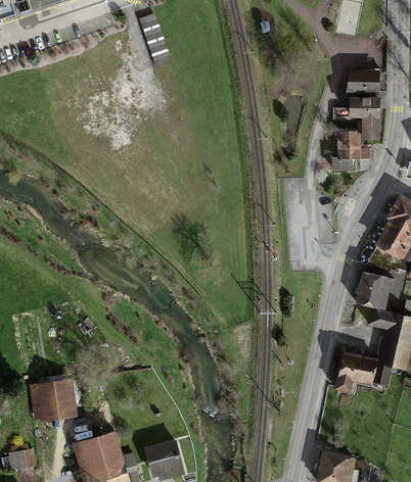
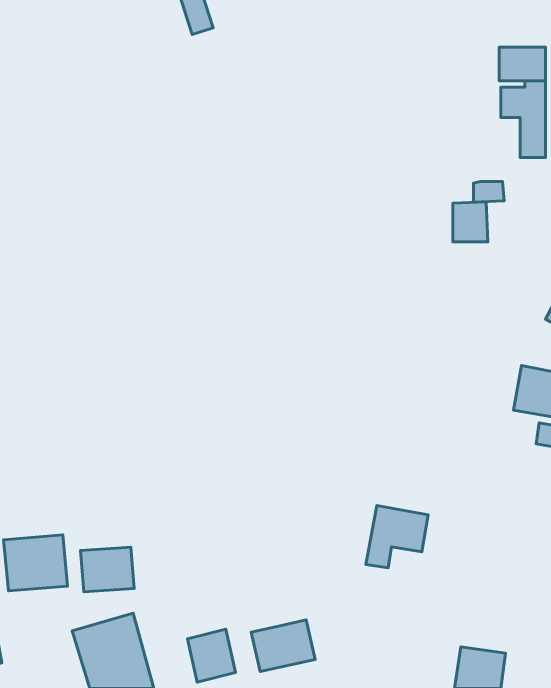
building: [336,132,359,157] -> [453,202,488,242]
building: [337,353,377,393] -> [366,505,428,568]
building: none -> [81,547,134,592]
building: none -> [251,620,315,672]

